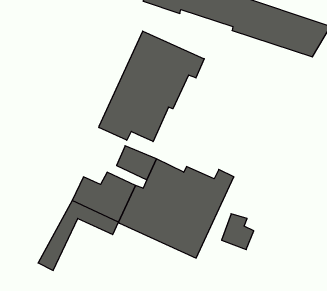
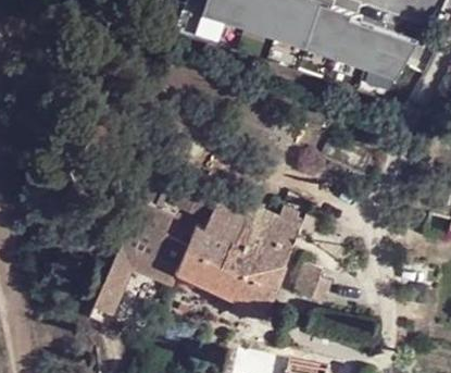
building: [99,31,204,142] -> none

